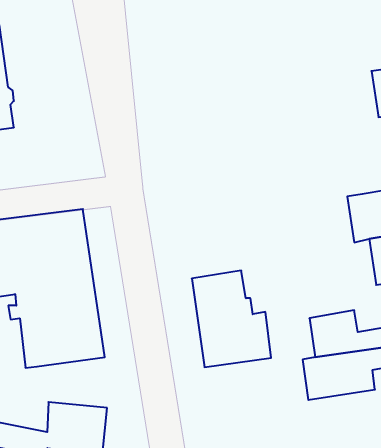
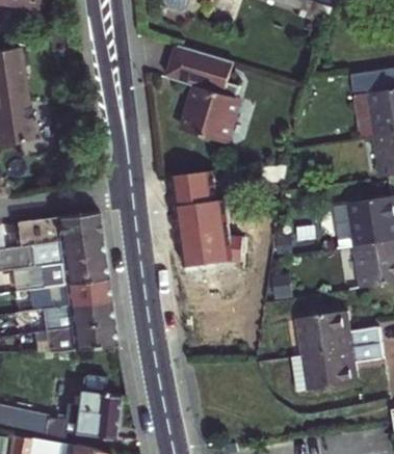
building: none -> [158,52,231,153]
building: [192,271,271,367] -> [163,184,235,271]

